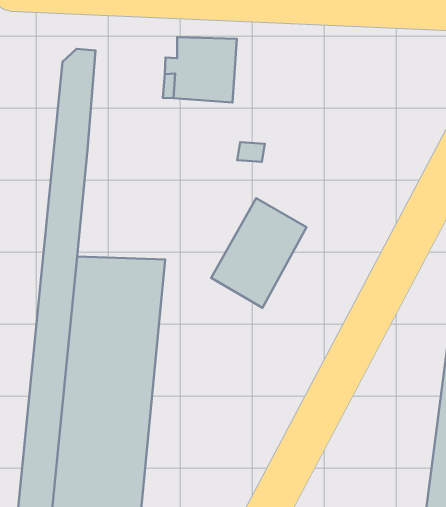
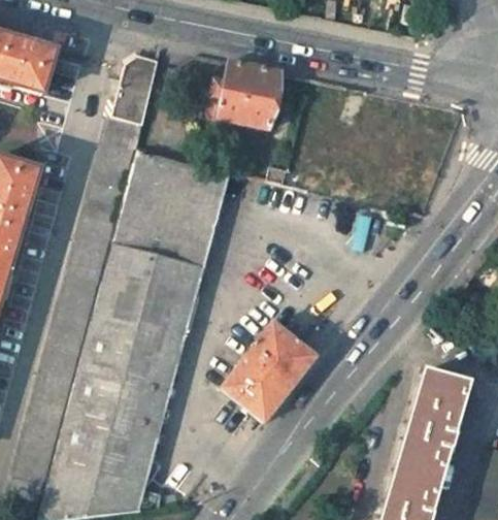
building: none -> [111,149,212,257]
building: [211,198,306,308] -> [224,324,316,422]

